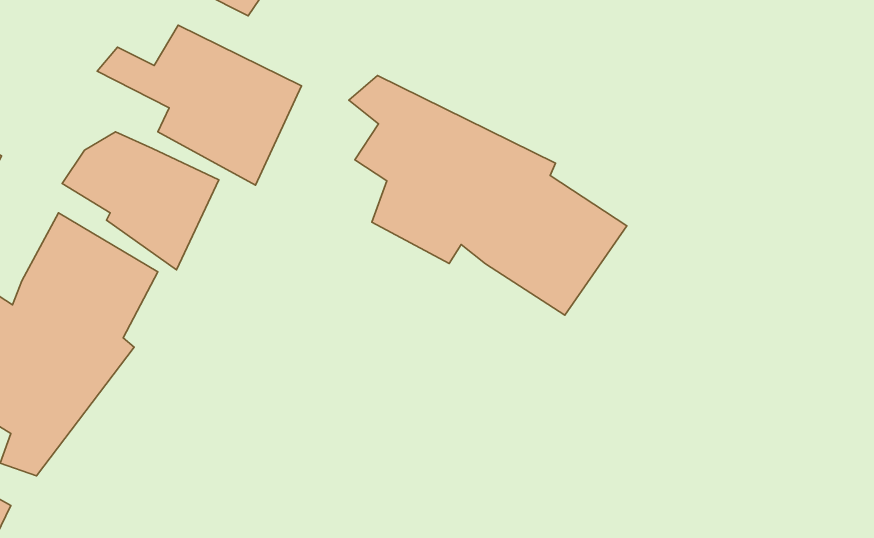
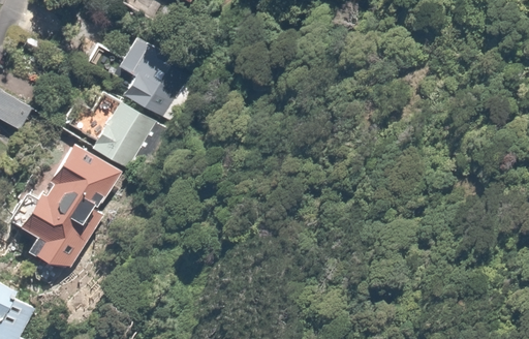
building: [349,75,627,315] -> none

